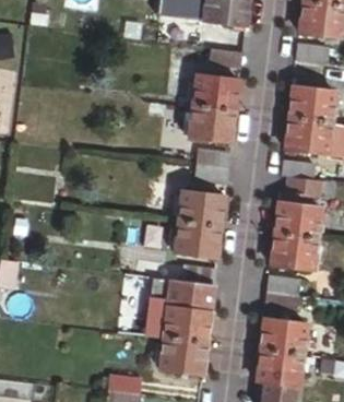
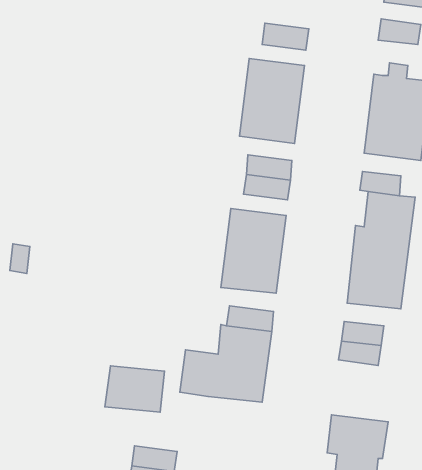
building: [260,319,307,355] -> none
building: [161,335,206,371] -> [105,366,164,412]

